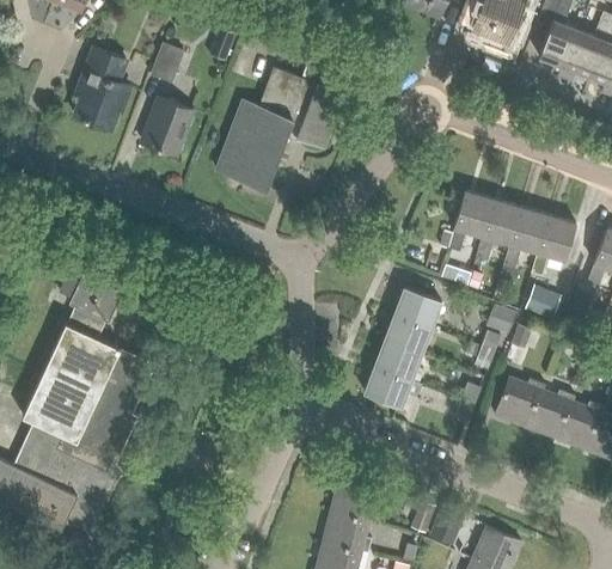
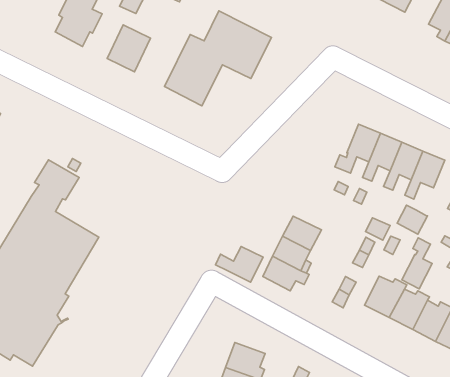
building: [394,288,441,328] -> none
building: none -> [402,238,432,289]
building: none -> [215,247,263,282]

